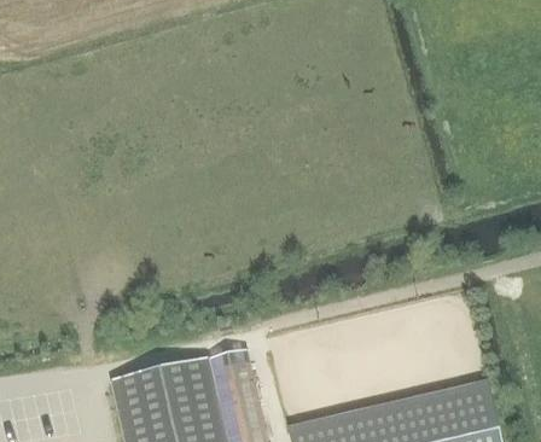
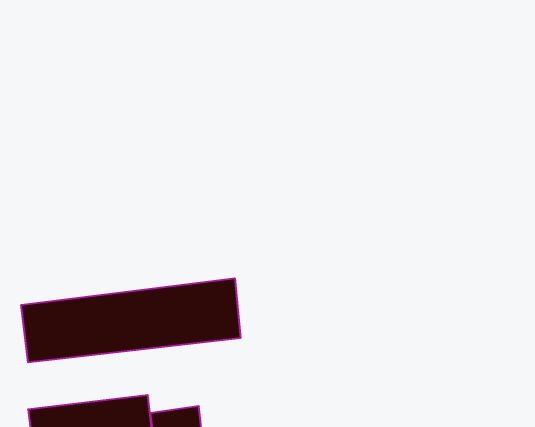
building: none -> [21,278,240,362]

